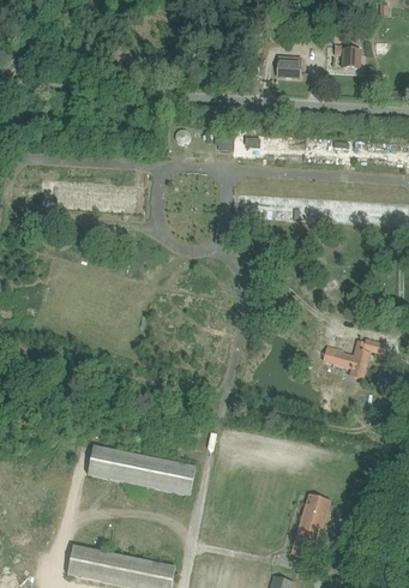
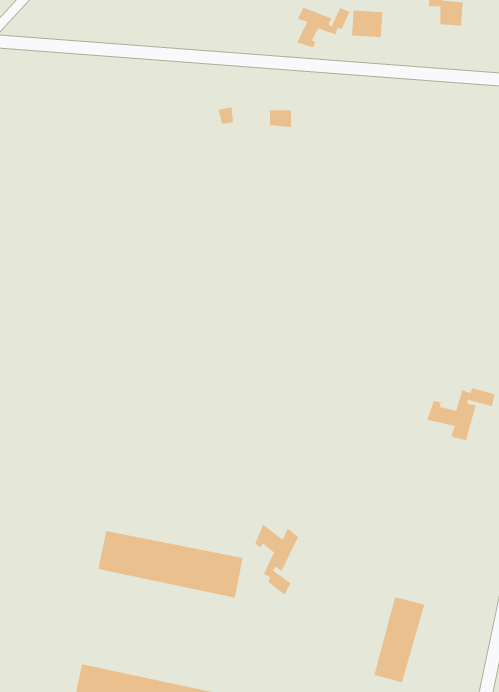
building: none -> [296,7,350,48]
building: none -> [254,524,299,595]

